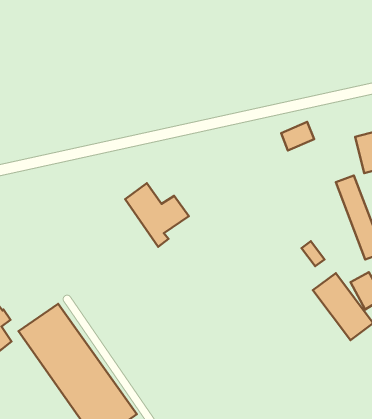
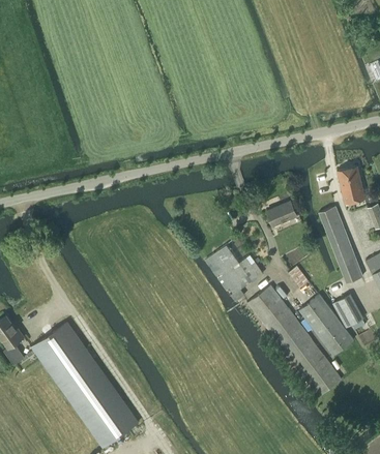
building: [281,122,314,150] -> [267,201,297,226]
building: [125,183,189,247] -> [206,244,264,302]
building: none -> [247,285,342,397]

